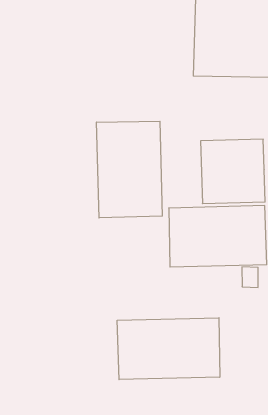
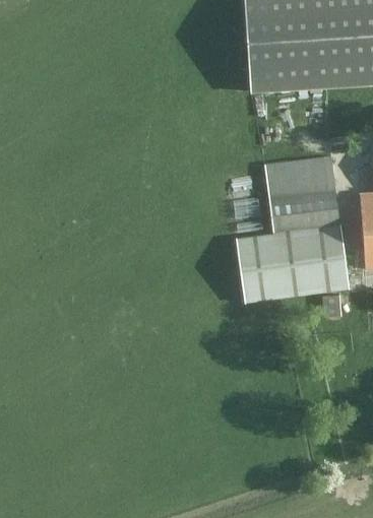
building: [97,121,162,218] -> none
building: [117,318,220,380] -> none

